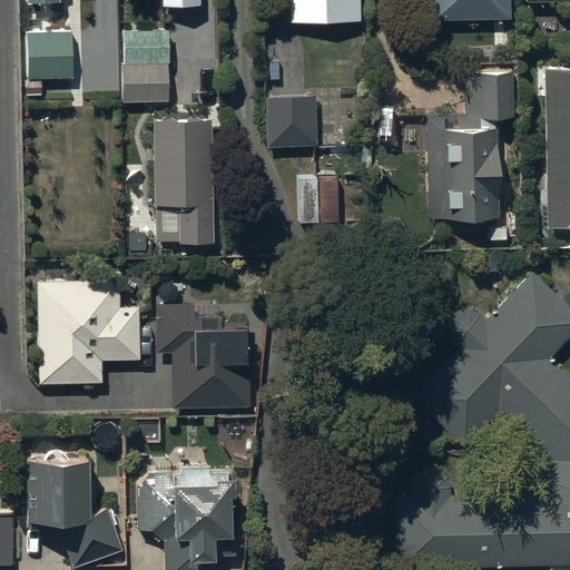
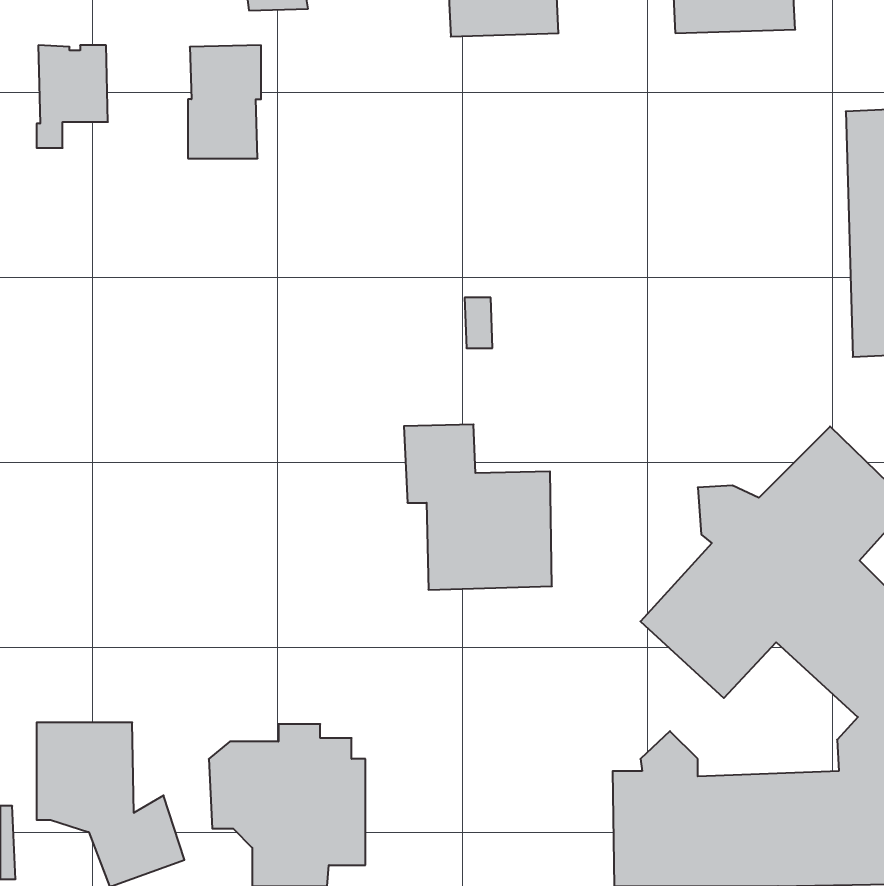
building: [428,70,514,225] -> none
building: [271,95,322,146] -> none
building: [154,120,210,255] -> none
building: [38,278,140,383] -> none
building: [157,302,252,407] -> [404,424,552,590]

